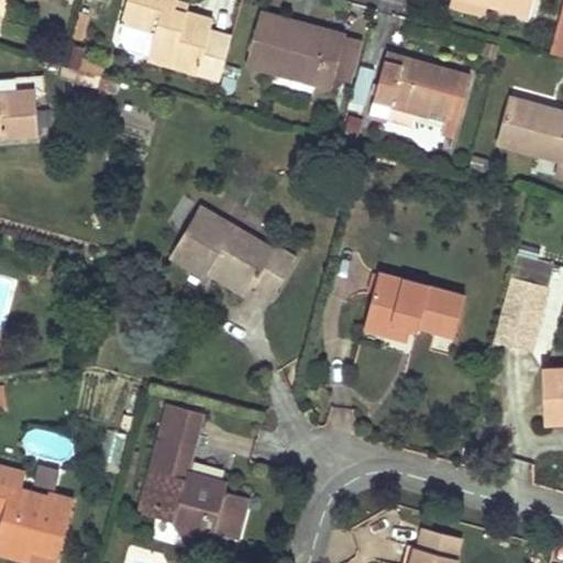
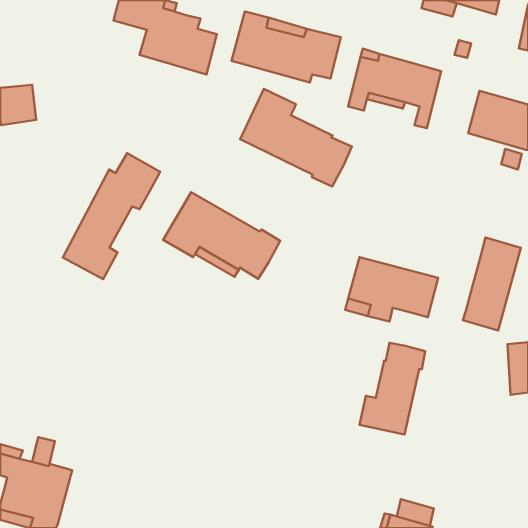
building: none -> [240,89,352,186]
building: none -> [63,153,160,279]
building: none -> [360,343,425,434]
building: [139,405,249,540] -> none

